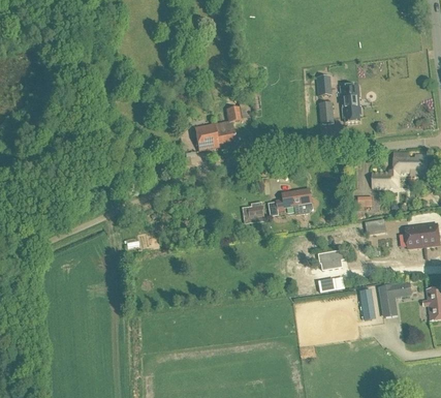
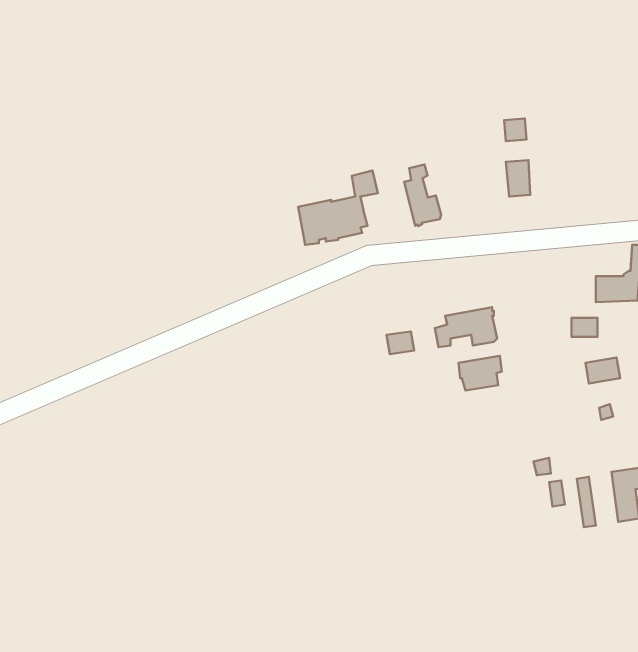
building: [340,85,360,122] -> none
building: none -> [404,164,441,226]
building: [318,249,344,270] -> [458,356,502,390]

